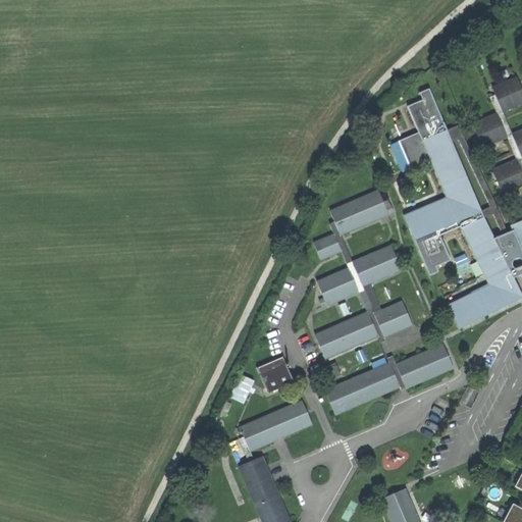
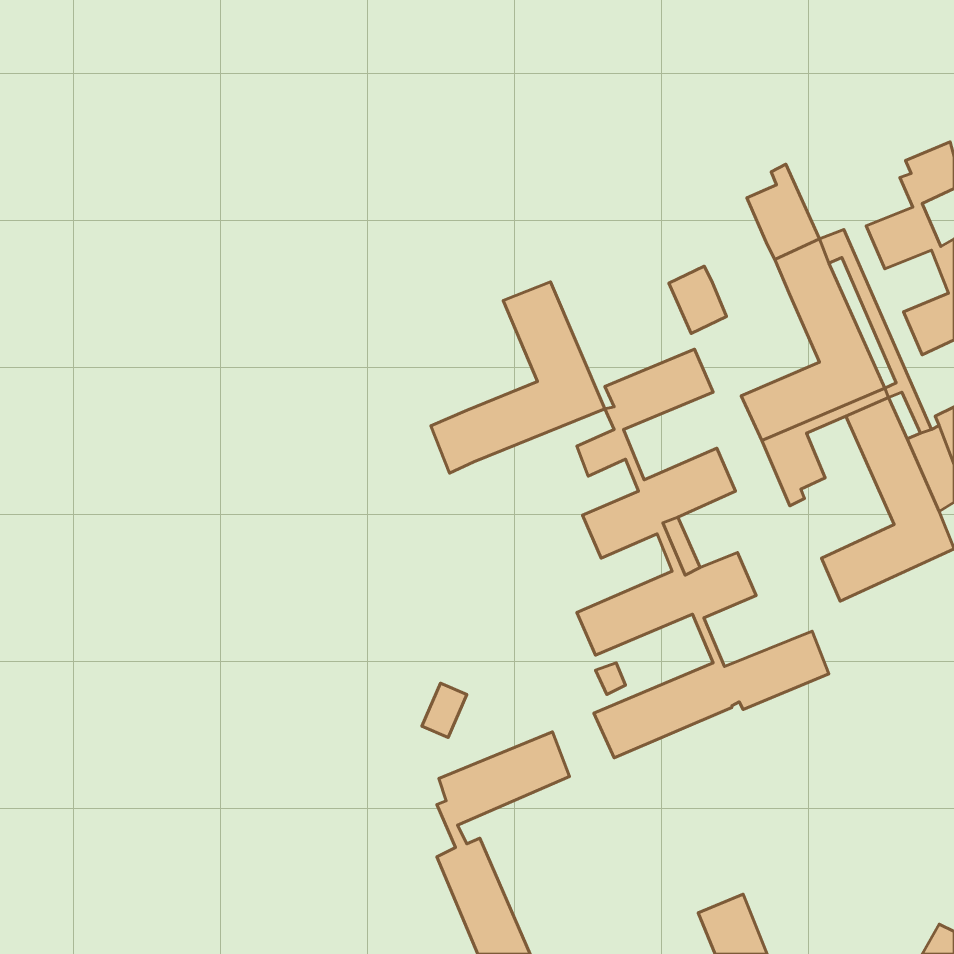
building: [400,134,431,170] -> [669,266,727,333]
building: none -> [431,282,605,473]
building: [257,357,295,395] -> none

